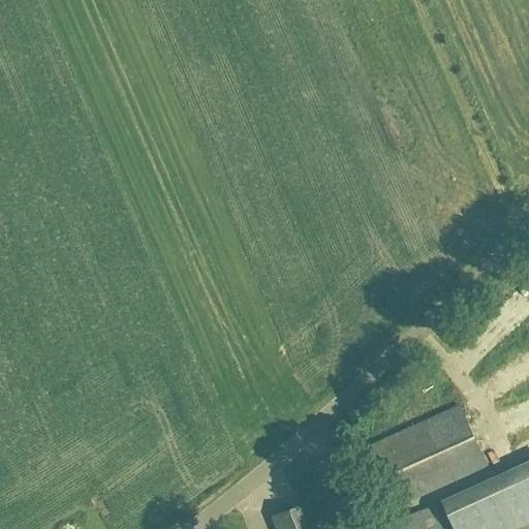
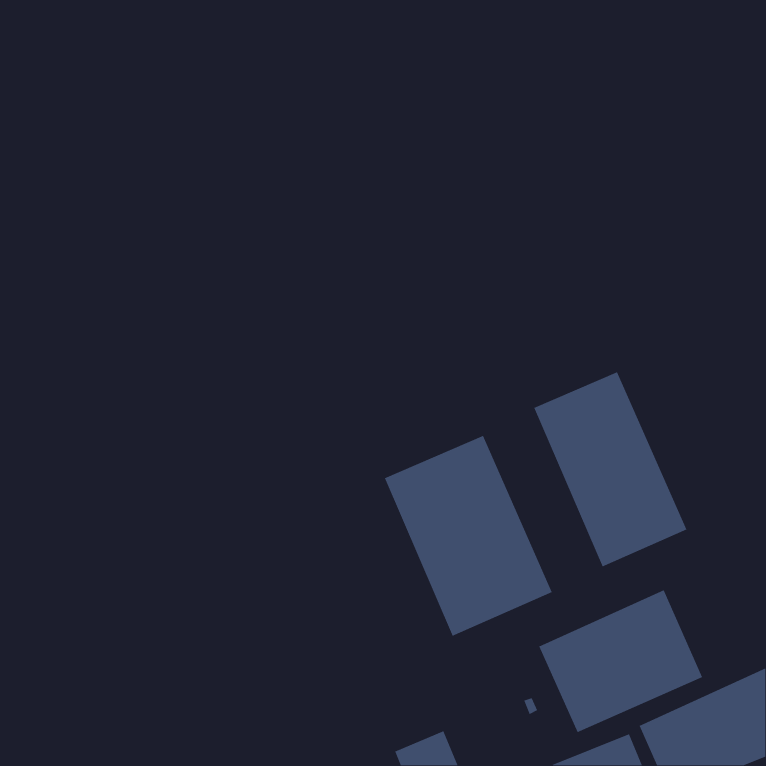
building: none -> [533,371,688,568]
building: none -> [384,435,553,637]

